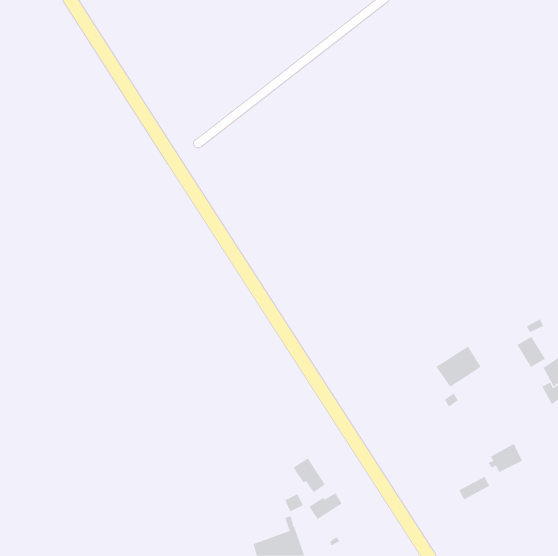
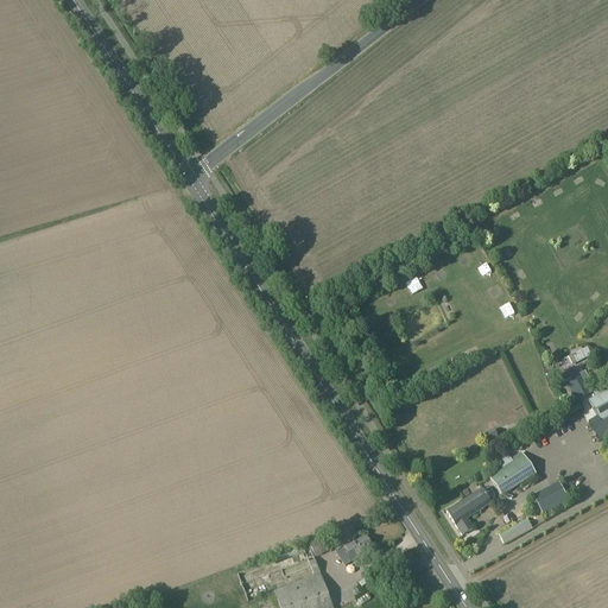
building: [436,346,482,388] -> [487,450,537,495]
building: none -> [448,487,492,533]
building: [293,458,326,493] -> none

